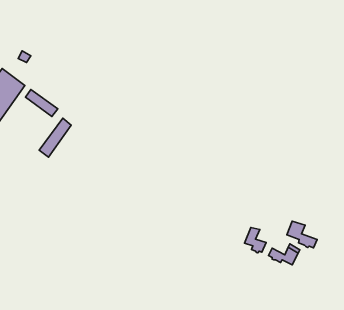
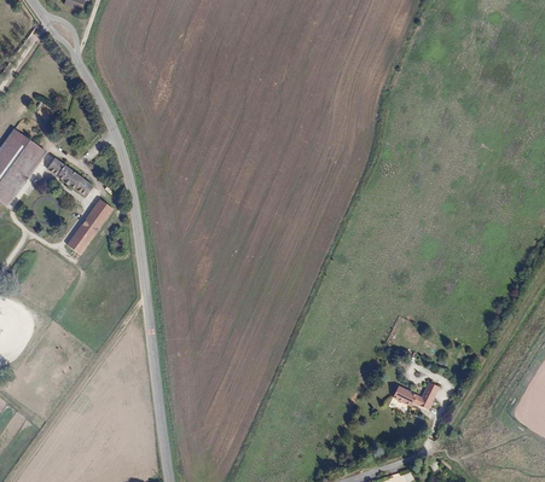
building: [287,221,317,248] -> none
building: [245,227,266,253] -> none

